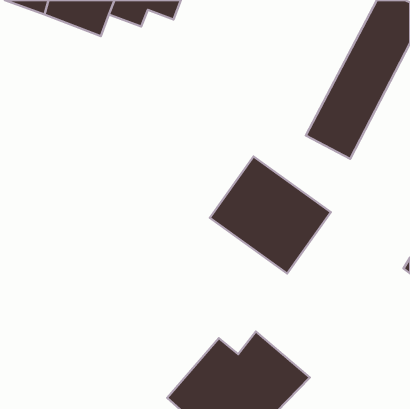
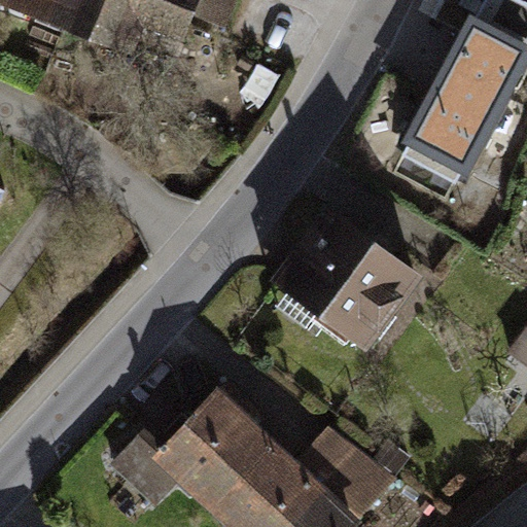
building: none -> [108,379,279,512]

